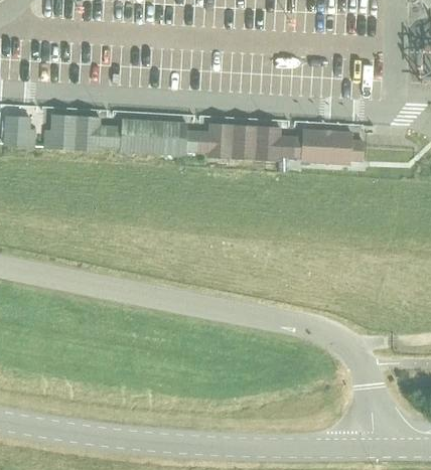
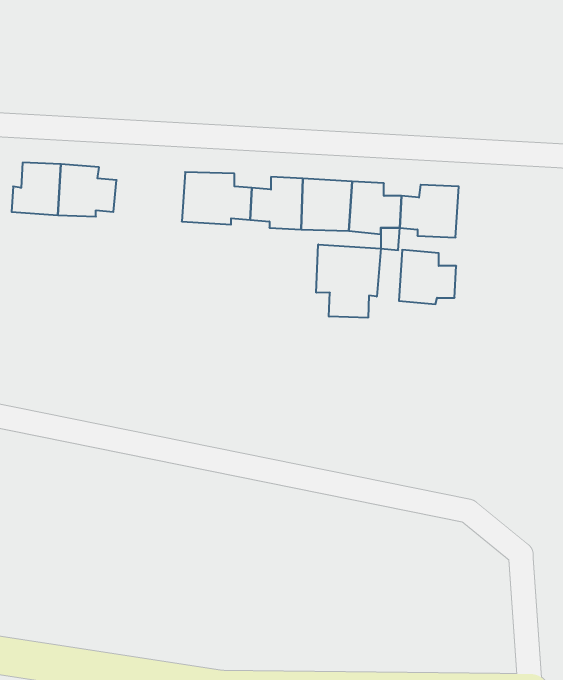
building: [109,118,154,151] -> none
building: [325,129,362,163] -> [399,250,456,304]
building: none -> [316,244,381,318]

